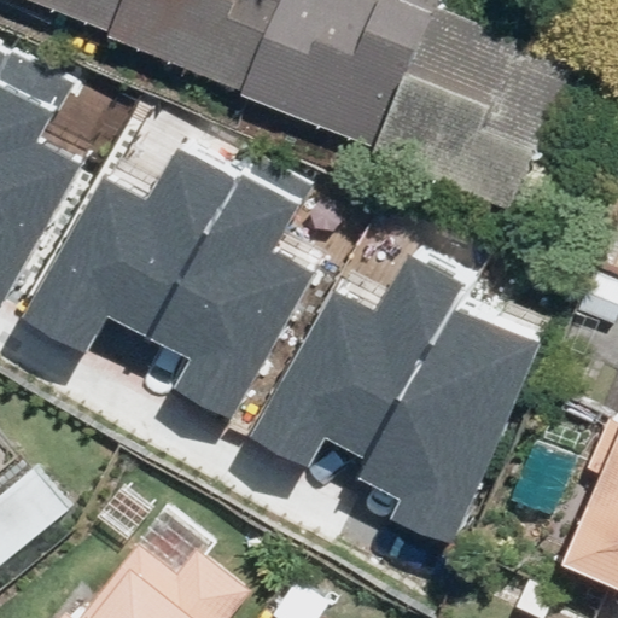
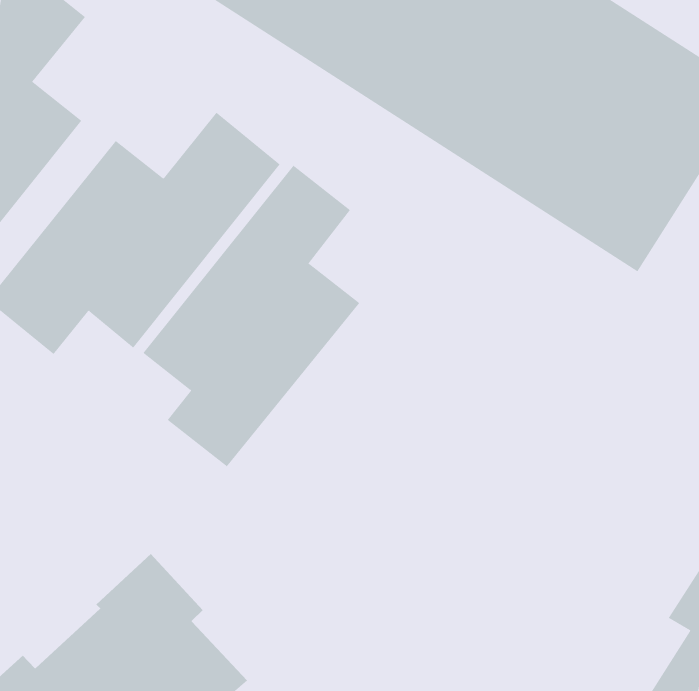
building: [252,256,461,465] -> none
building: [358,310,538,543] -> none

